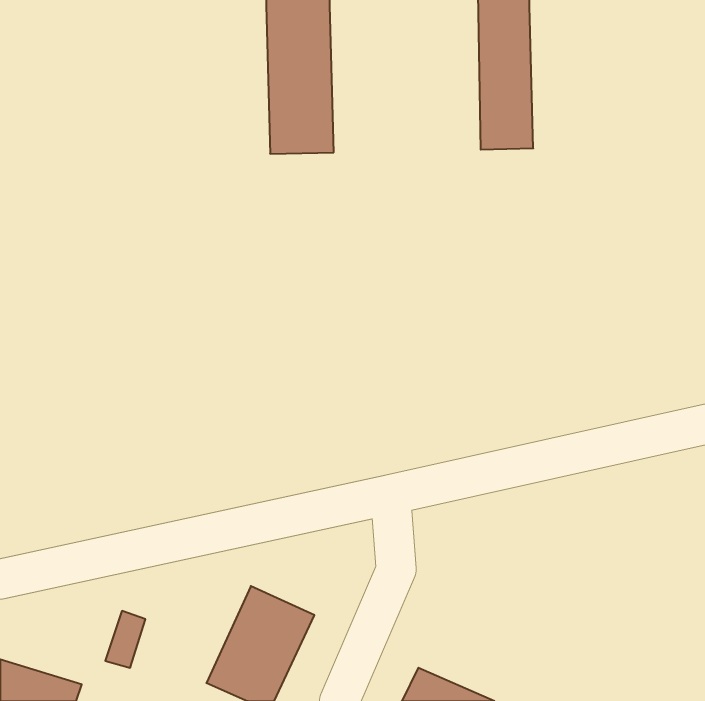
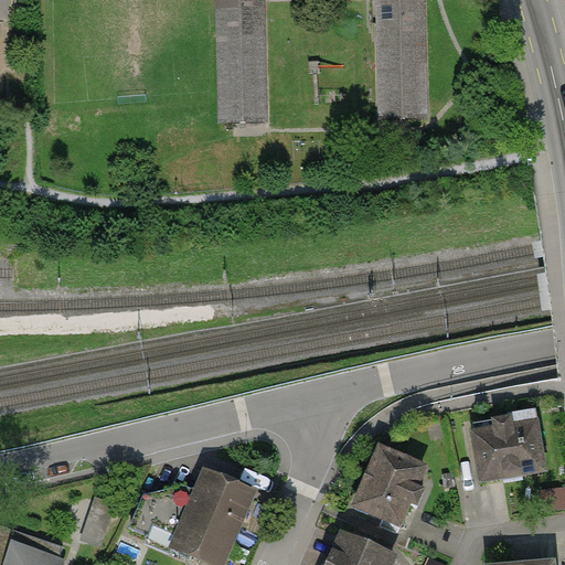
building: none -> [471,419,548,481]
building: none -> [348,445,431,533]

